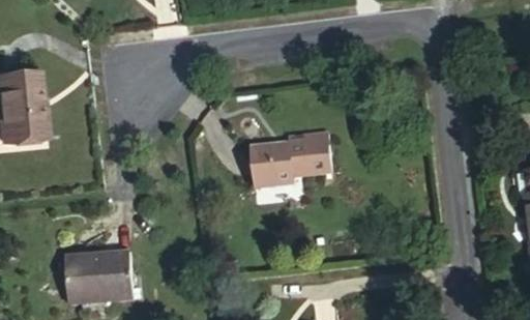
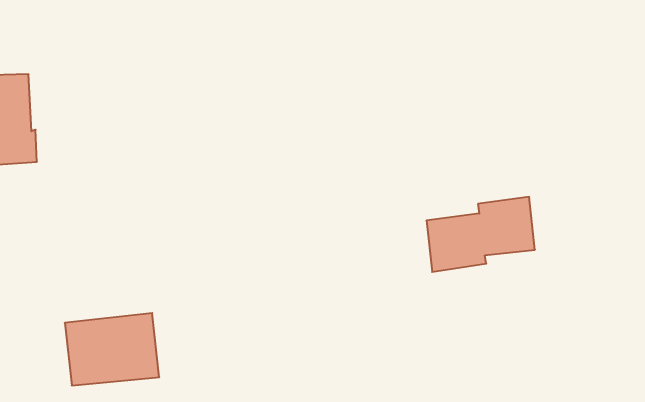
building: [253,130,333,186] -> [426,197,535,272]

